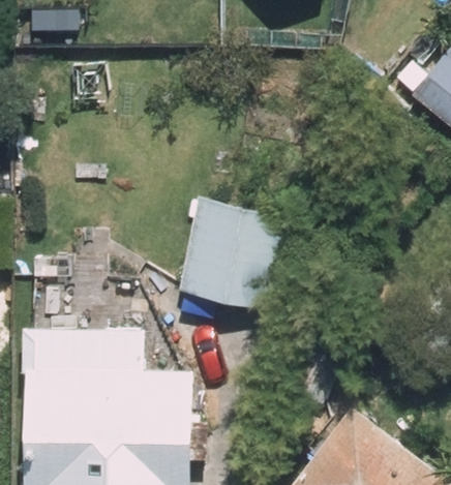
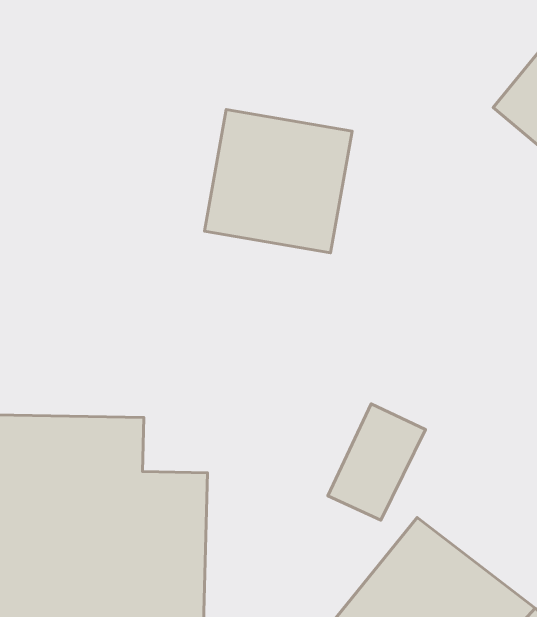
building: [180,200,293,309] -> [205,109,352,253]

